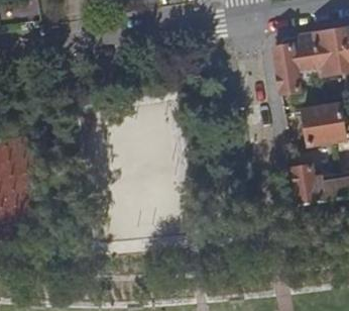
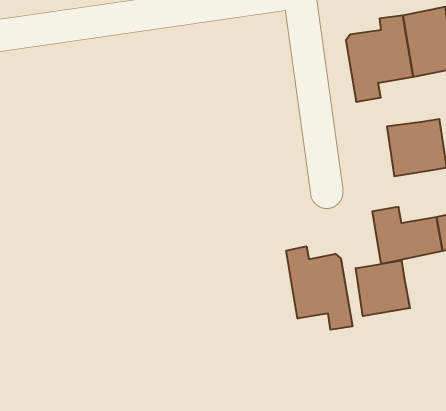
building: none -> [286,246,352,330]
building: none -> [356,261,410,316]

